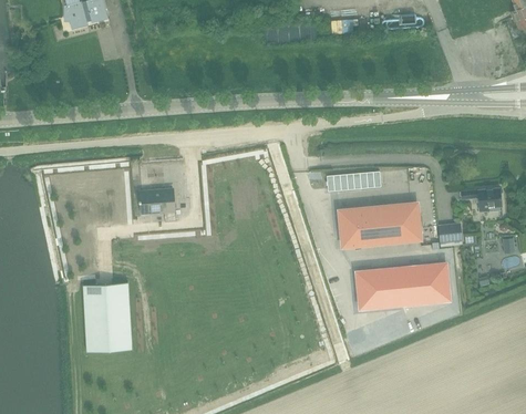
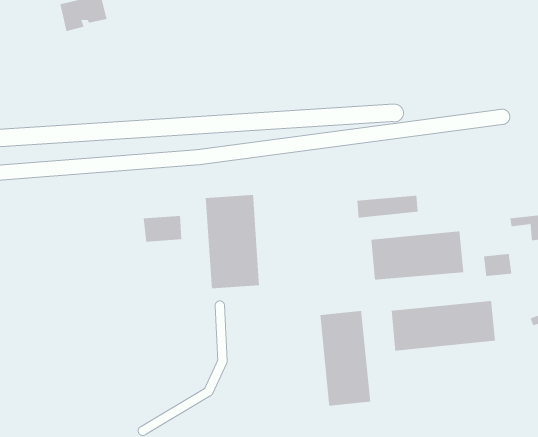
building: none -> [205,194,260,289]
building: none -> [320,310,371,406]
building: [83,282,132,353] -> none

